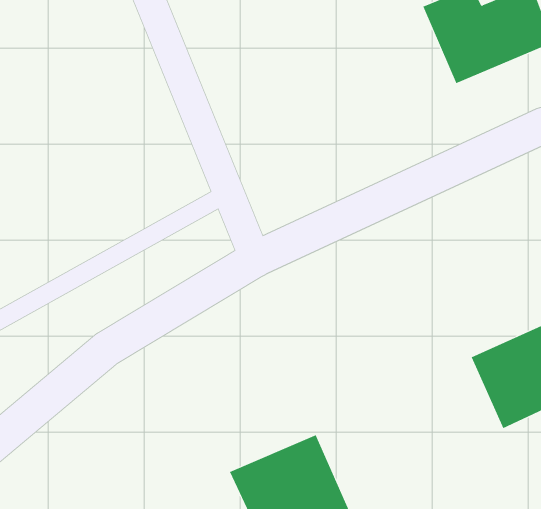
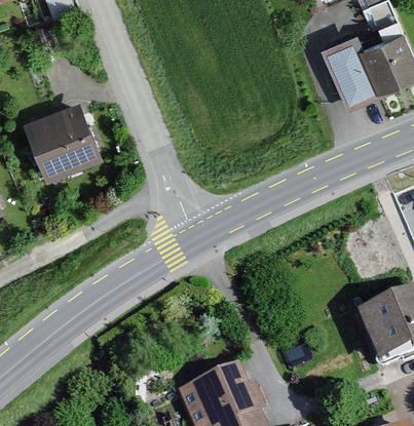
building: none -> [23,104,101,184]

